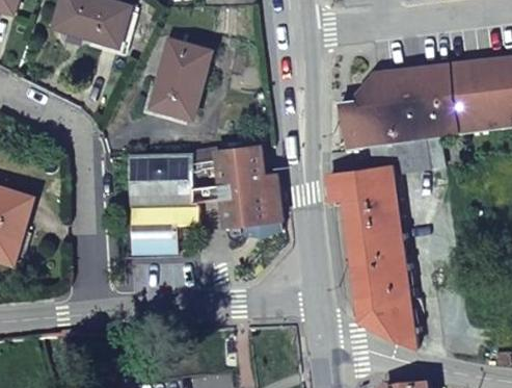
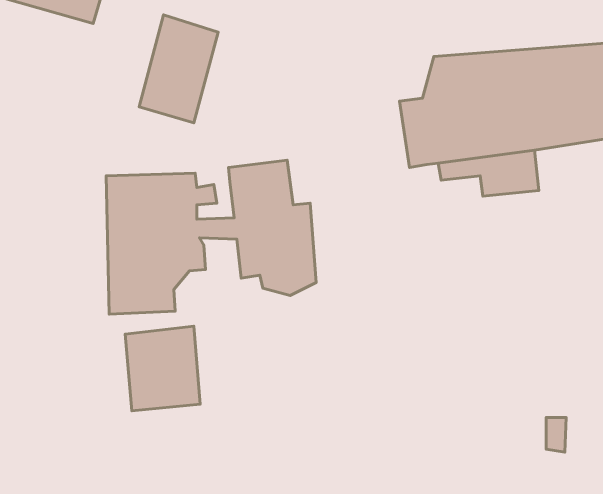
building: [328,164,420,345] -> none
building: none -> [125,326,200,411]

